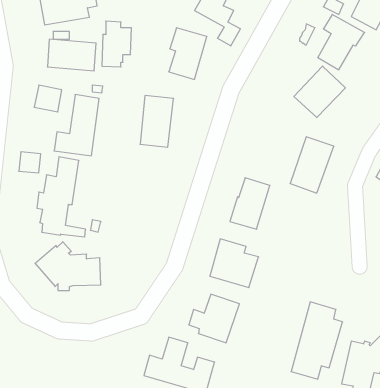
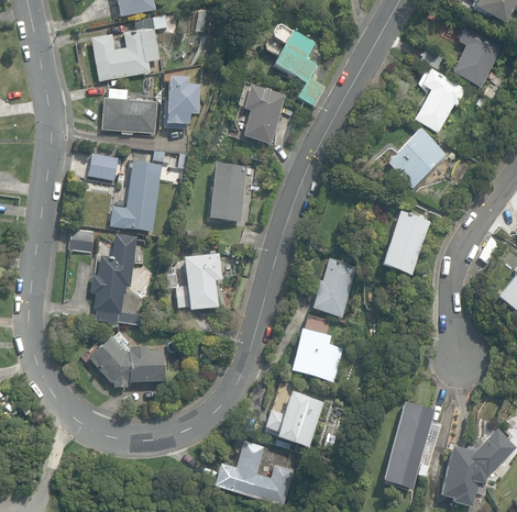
building: none -> [183,252,223,310]

